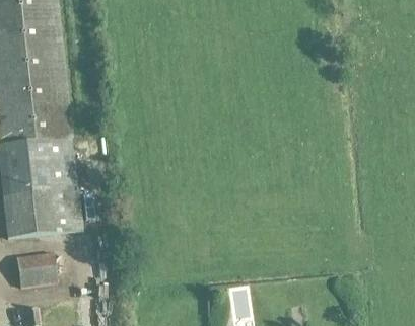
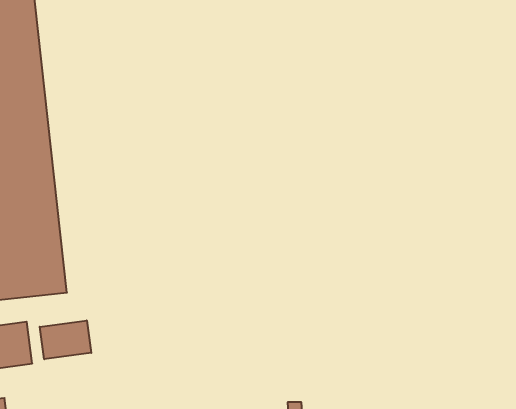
building: none -> [40,320,91,359]

